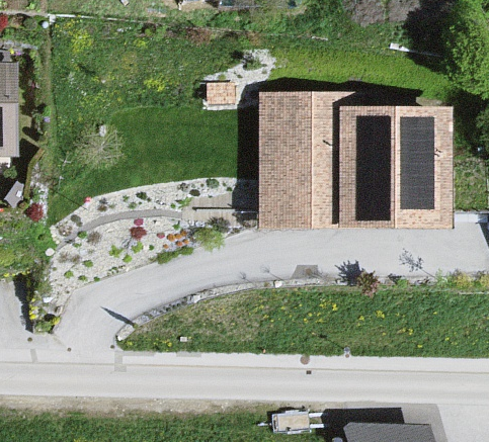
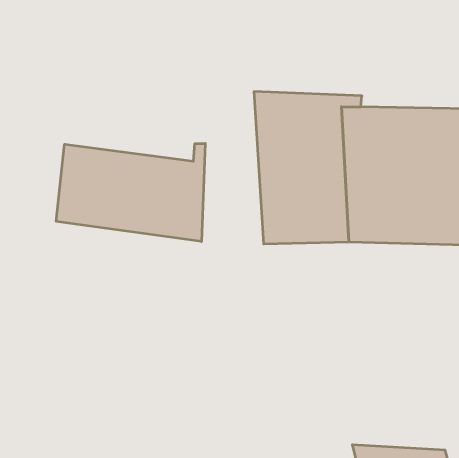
building: none -> [56,143,205,242]

